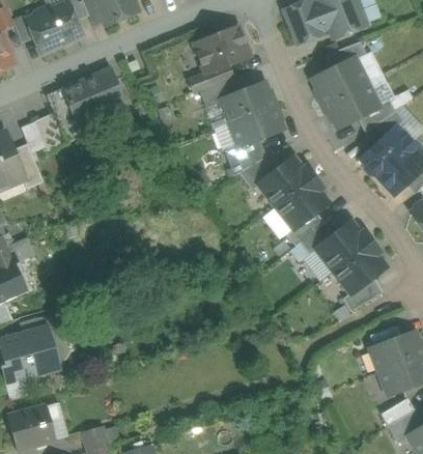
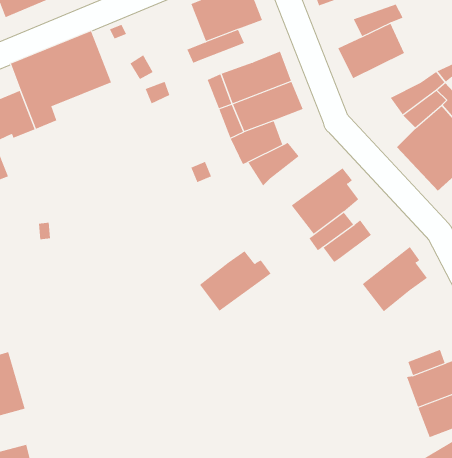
building: [199,74,243,104] -> none
building: [325,82,379,126] -> none
building: [257,157,316,206] -> [199,251,271,312]
building: [315,221,371,271] -> none
building: [341,276,383,312] -> none

